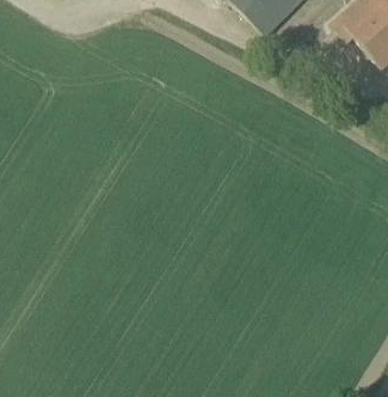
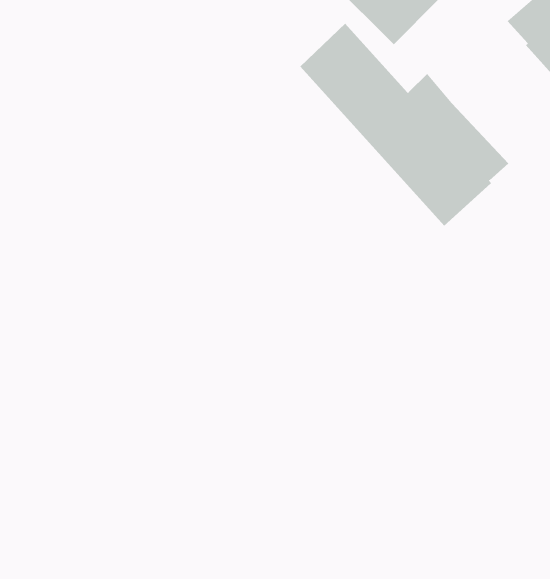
building: none -> [300,23,509,227]

